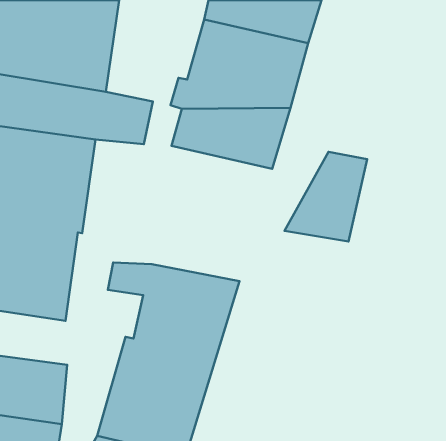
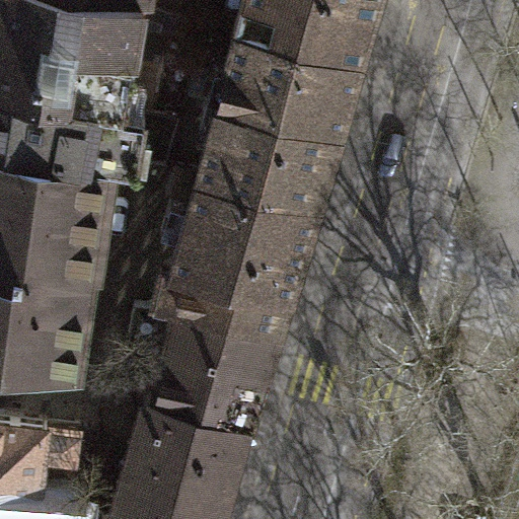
building: none -> [167,179,312,335]
building: [285,152,367,242] -> none

